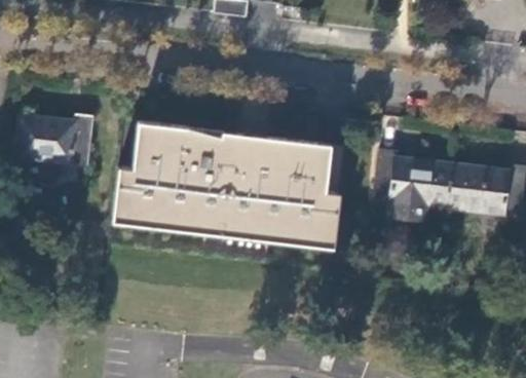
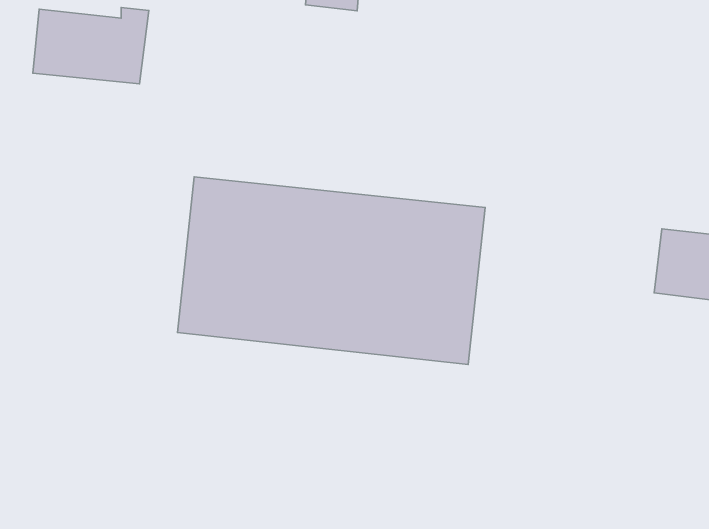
building: [14,112,92,163] -> [33,8,149,84]
building: [375,147,453,219] -> none

